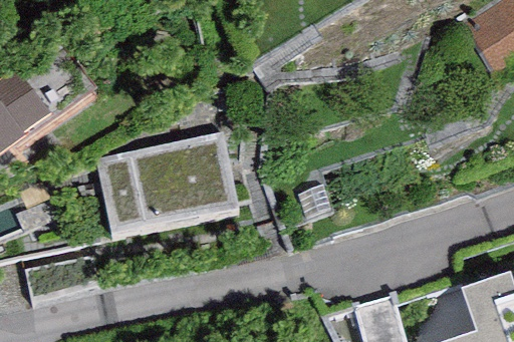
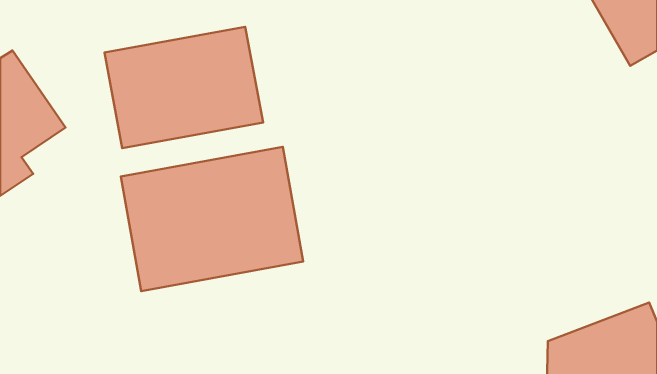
building: none -> [105,27,263,148]

